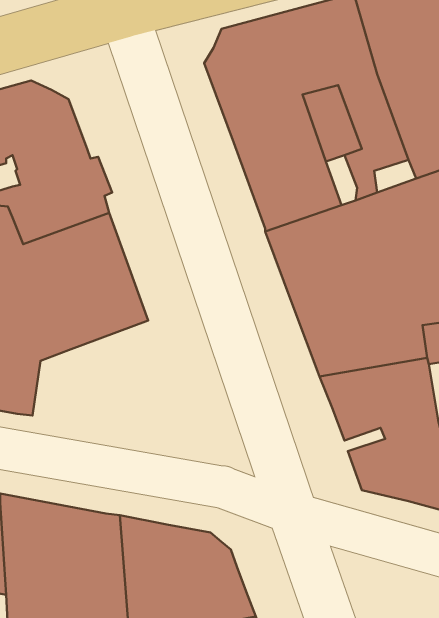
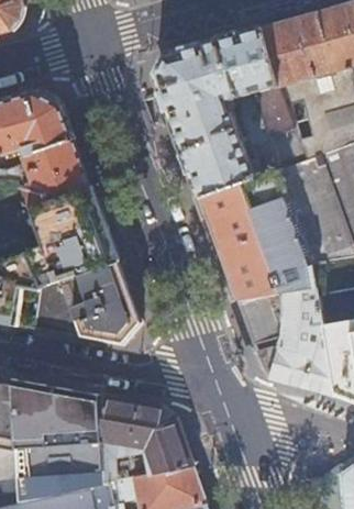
building: none -> [34,259,139,343]

